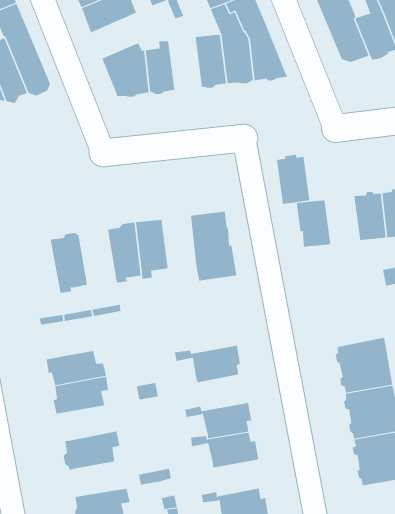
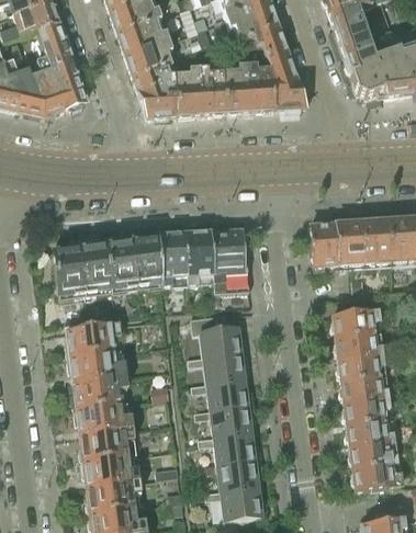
building: none -> [125,39,172,80]
building: none -> [198,65,225,114]
building: [276,154,310,205] -> [335,218,364,264]
building: none -> [182,230,211,285]
building: none -> [104,238,136,291]
building: none -> [52,245,83,300]
building: none -> [330,309,383,360]
building: none -> [191,313,246,359]
building: none -> [65,324,117,356]
building: none -> [190,381,254,412]
building: none -> [74,402,130,433]
building: none -> [201,461,262,492]
building: none -> [81,455,136,486]

